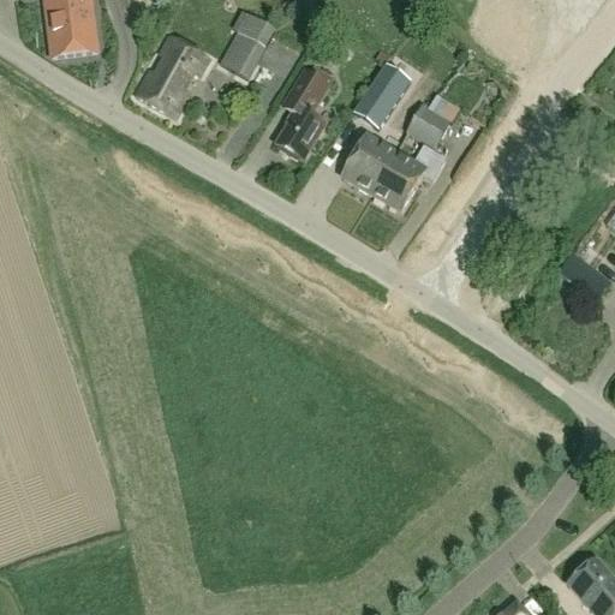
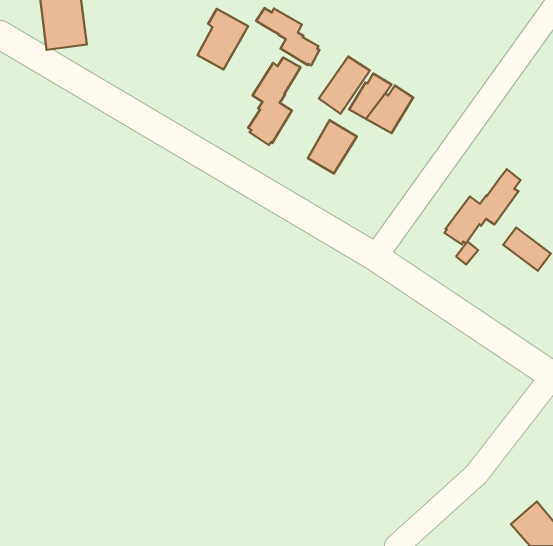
building: none -> [256,8,320,66]
building: [135,34,209,117] -> none
building: [371,144,446,210] -> none
building: none -> [444,169,521,244]

